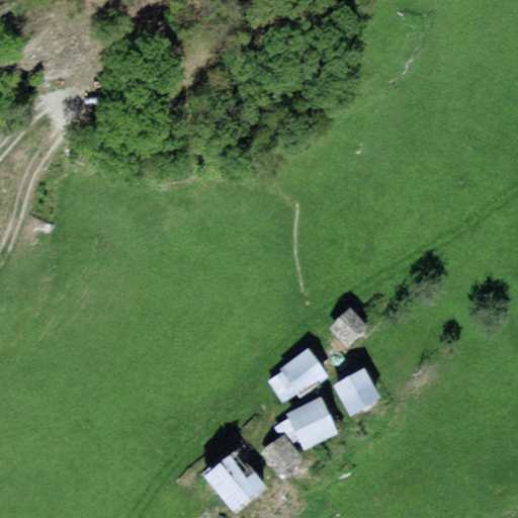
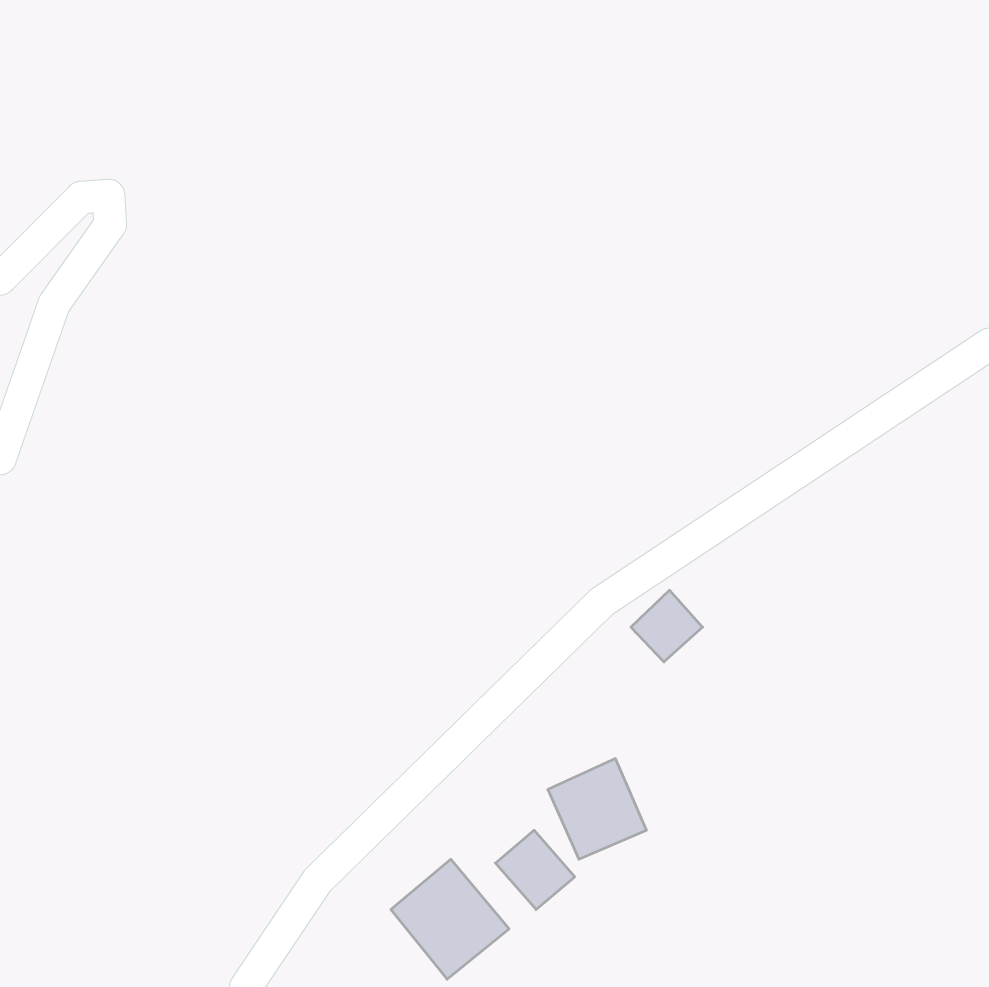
building: [269,348,328,403] -> none
building: [334,369,379,414] -> none

